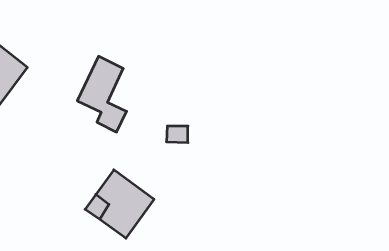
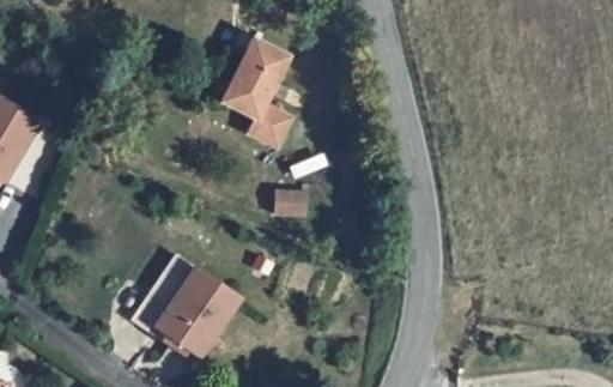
building: [77,56,127,132] -> [216,44,287,155]

